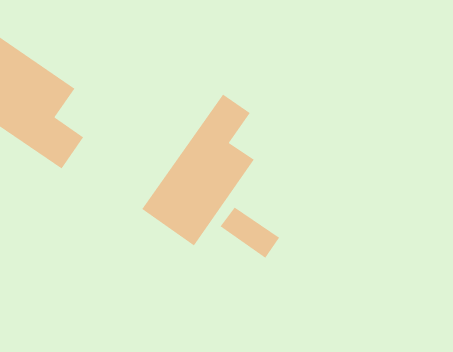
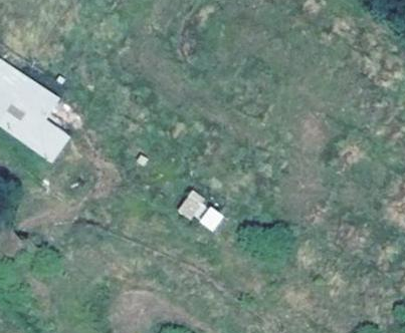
building: [141,94,255,246] -> none

